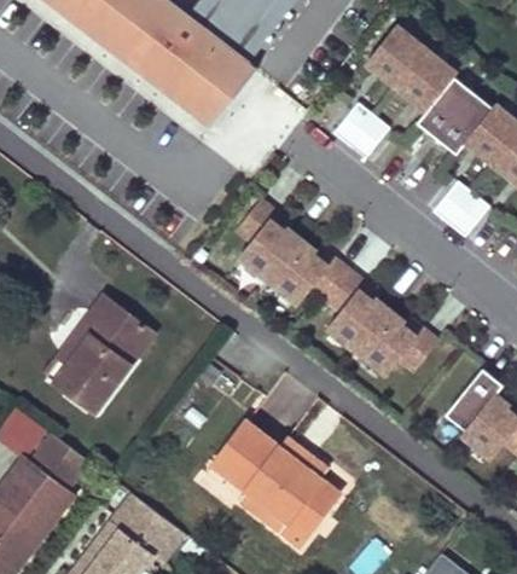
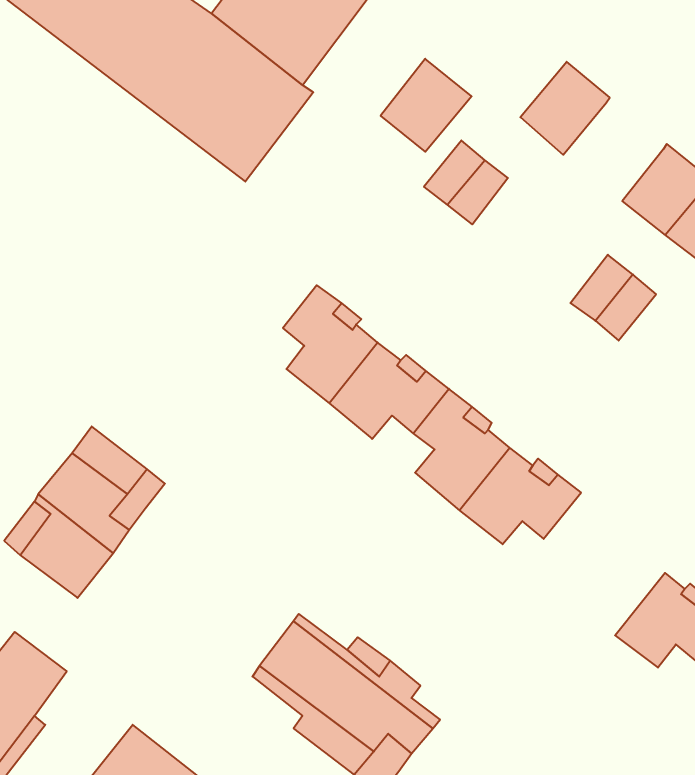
building: [366,22,428,85] -> [381,59,472,152]
building: [417,75,493,152] -> none
building: [443,367,501,435] -> none

